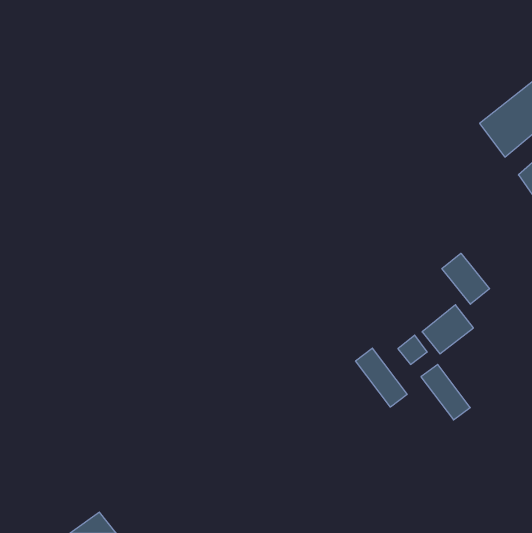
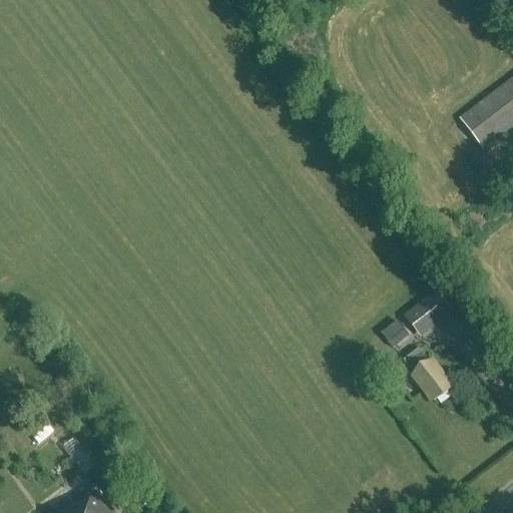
building: [442,253,490,304] -> none
building: [356,348,407,407] -> none

